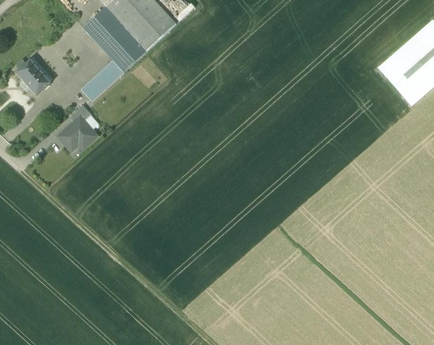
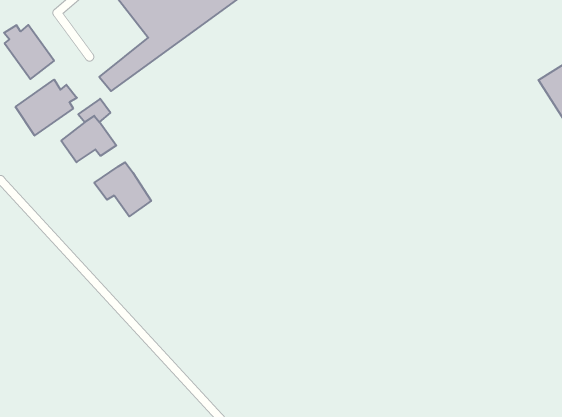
building: none -> [16,80,77,136]
building: none -> [94,162,151,216]

